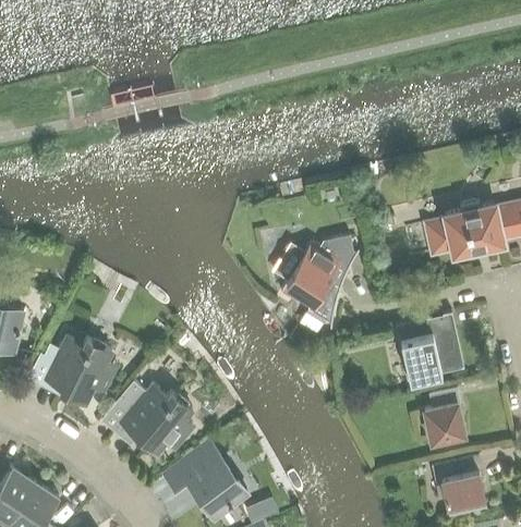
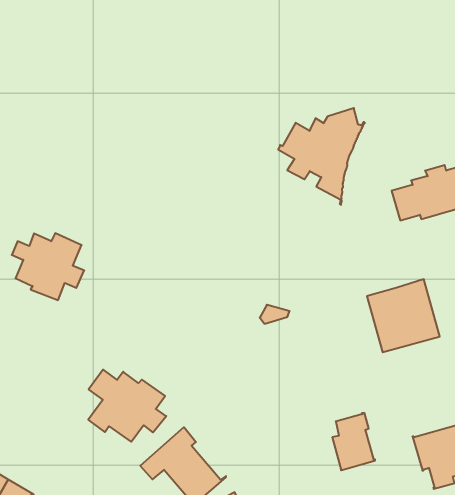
building: [272,236,359,330] -> [278,108,365,205]
building: [43,339,112,405] -> [12,233,84,300]
building: [424,389,464,443] -> [332,413,375,470]

